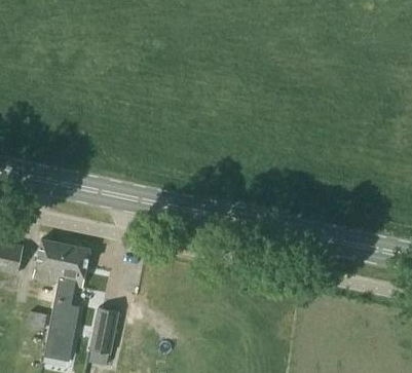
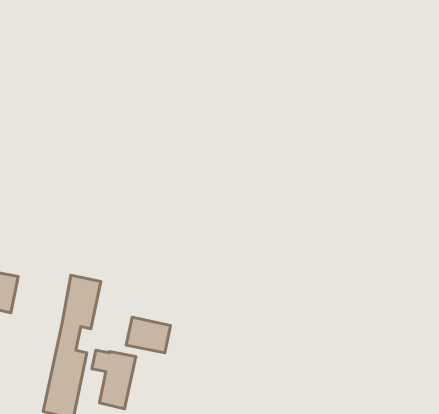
building: [34,239,66,284] -> none
building: none -> [126,317,171,353]

